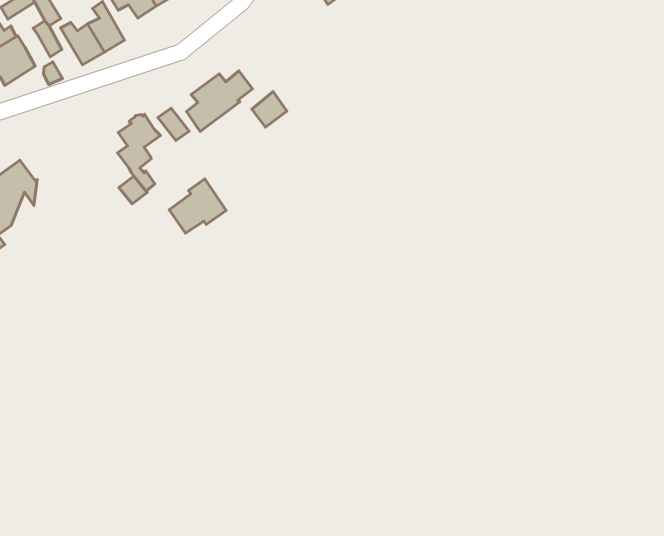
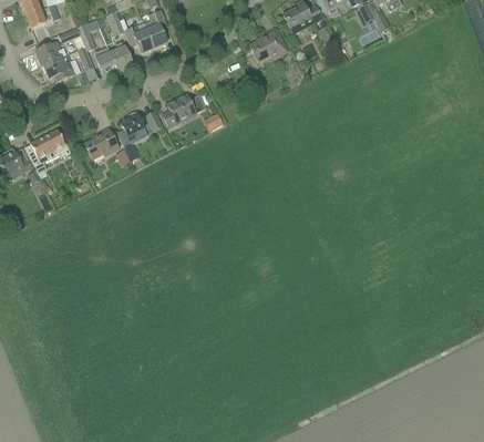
building: [169,179,226,233] -> [84,126,119,157]

